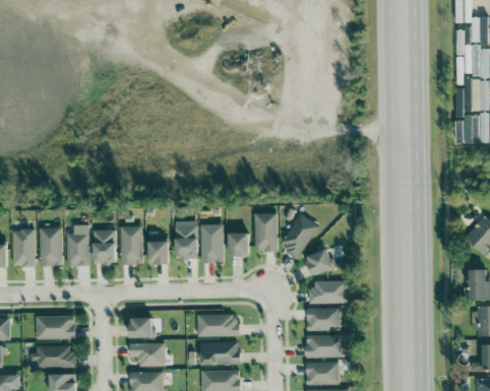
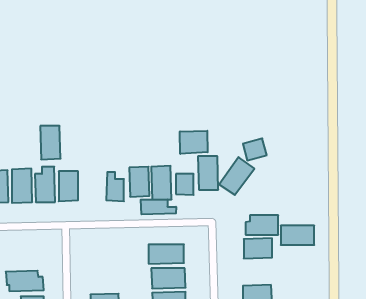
building: none -> [180,131,208,154]
building: [120,226,143,265] -> [40,126,61,159]
building: [306,250,333,275] -> [243,138,267,160]
building: none -> [141,199,176,214]
building: [36,316,75,340] -> none
building: [130,318,155,339] -> none
building: [306,335,345,357] -> [281,226,314,245]
building: [129,343,165,367] -> none

